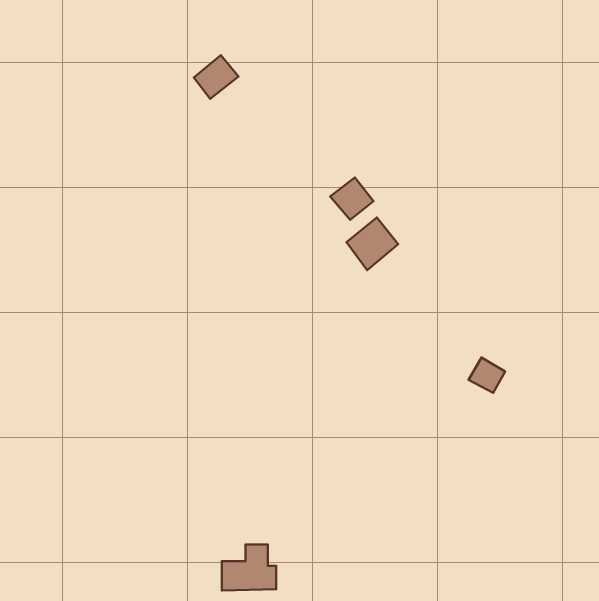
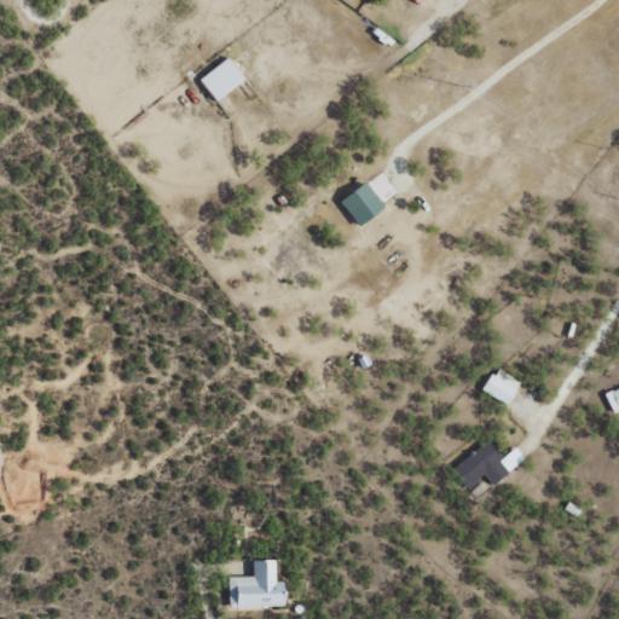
building: [346,218,398,270] -> none
building: none -> [453,440,526,490]

